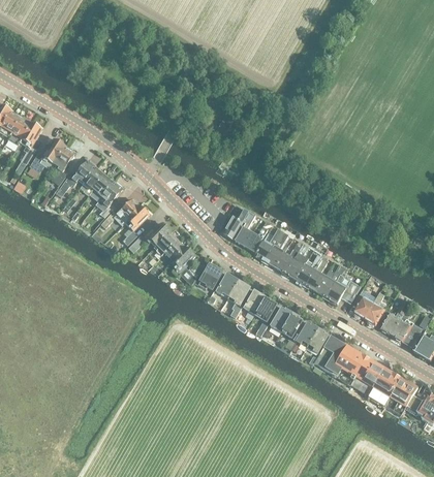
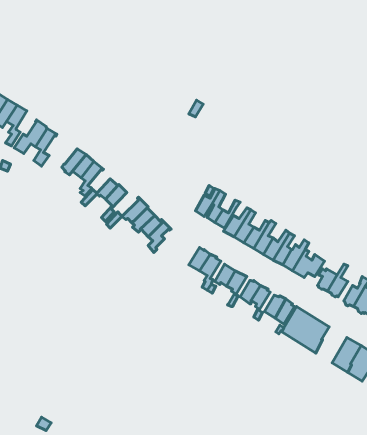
building: [60,158,96,189] -> none
building: [185,262,222,288] -> none
building: [350,356,383,394] -> none

